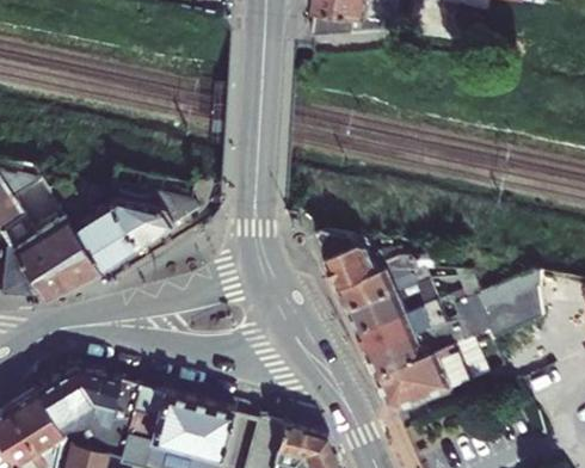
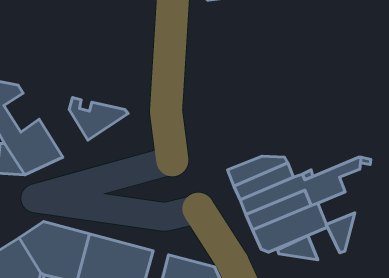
building: [43,179,136,272] -> none
building: [319,230,437,291] -> none
building: none -> [326,213,355,253]
building: none -> [277,236,318,260]

